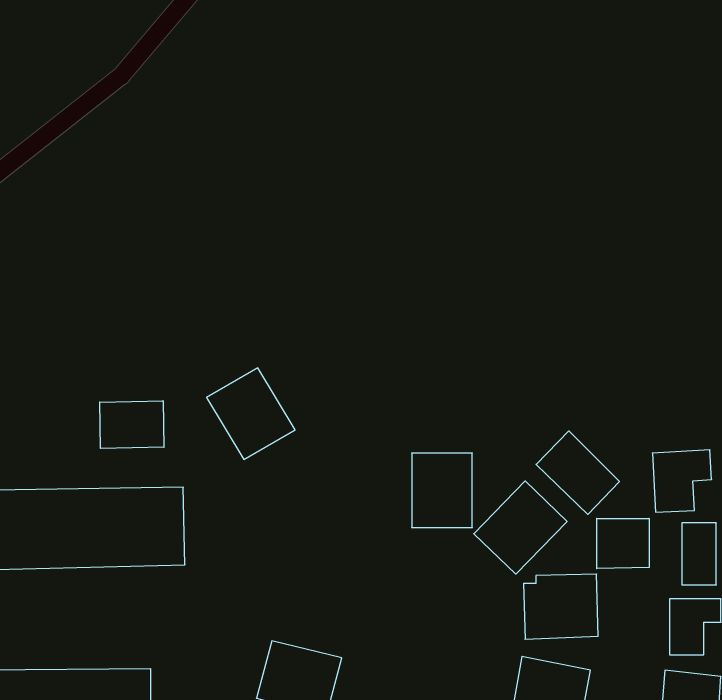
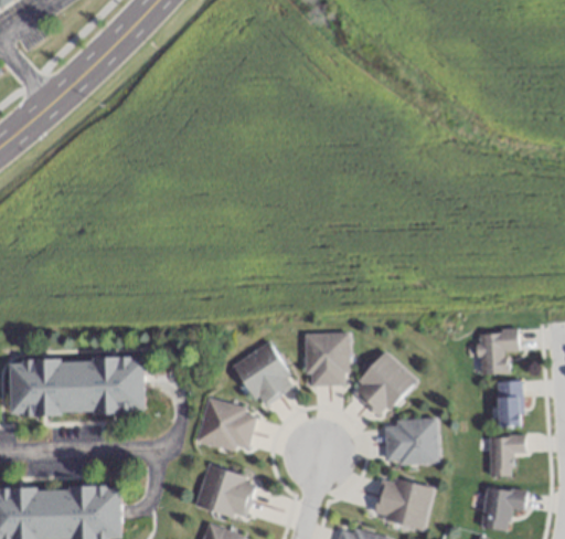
building: [207,368,295,459] -> [233,342,296,408]
building: [100,401,164,448] -> none
building: [536,431,619,514] -> none
building: [597,518,649,569] -> none
building: none -> [196,400,256,453]

